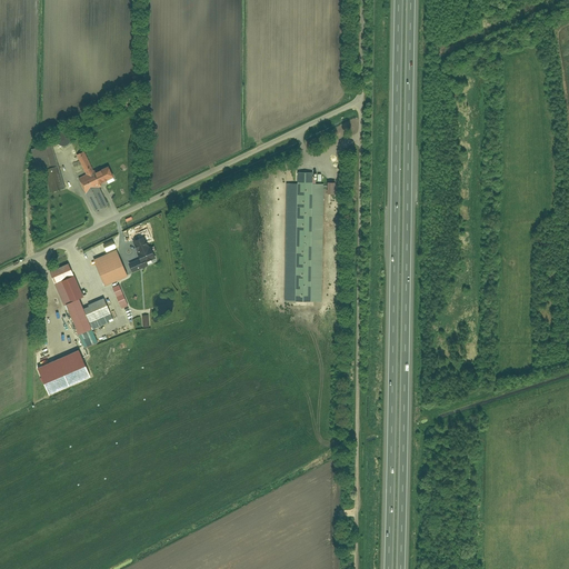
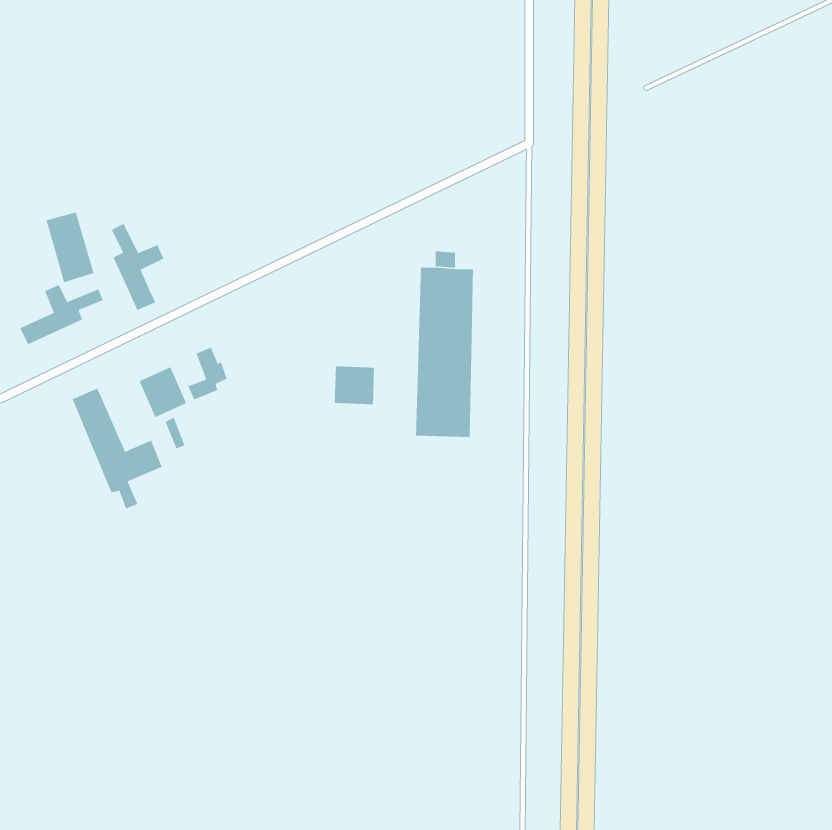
building: none -> [19,284,104,345]
building: none -> [334,366,375,405]
building: [40,349,92,392] -> none

